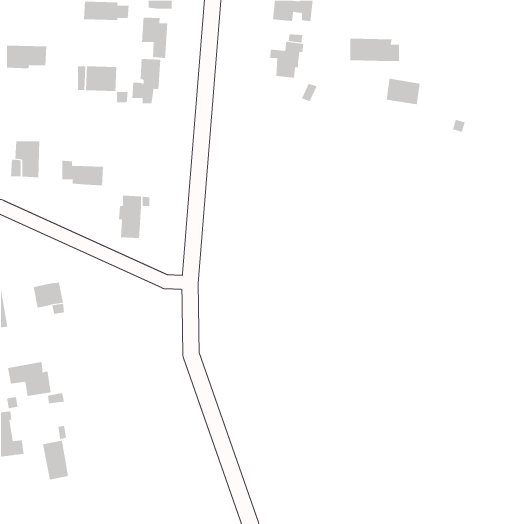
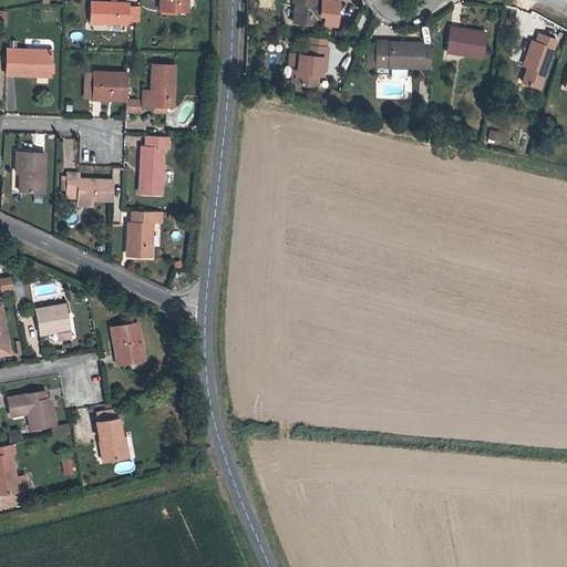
building: [142,17,168,59] -> none
building: none -> [524,34,557,87]
building: [386,78,421,105] -> [449,28,486,56]
building: none -> [141,136,169,194]
building: none -> [112,323,144,363]
building: [42,440,69,480] -> [96,417,125,461]

